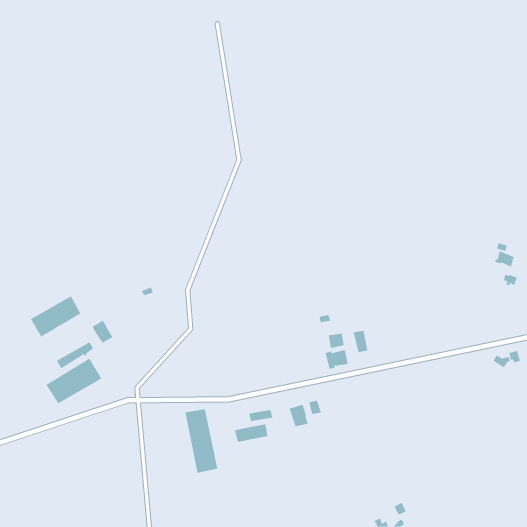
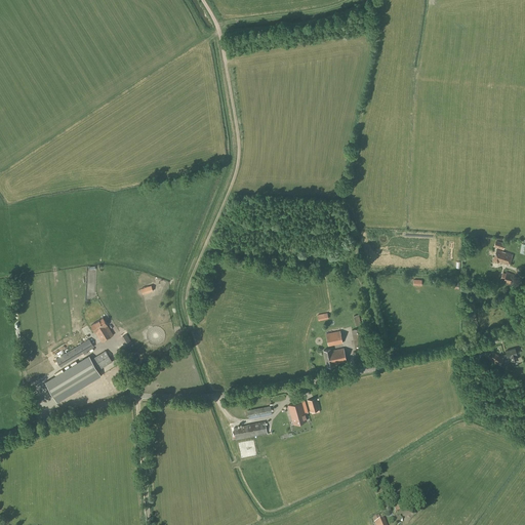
building: [30,296,81,338] -> none
building: [185,408,218,473] -> none

